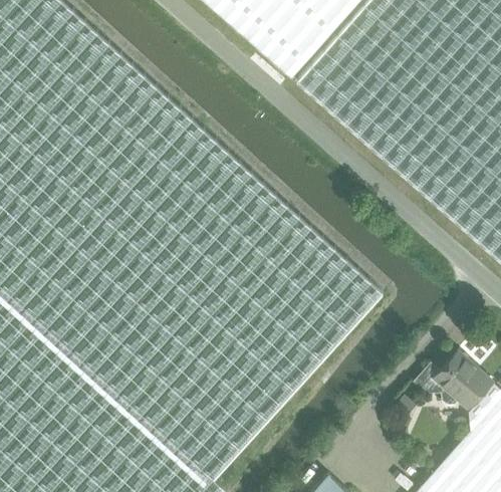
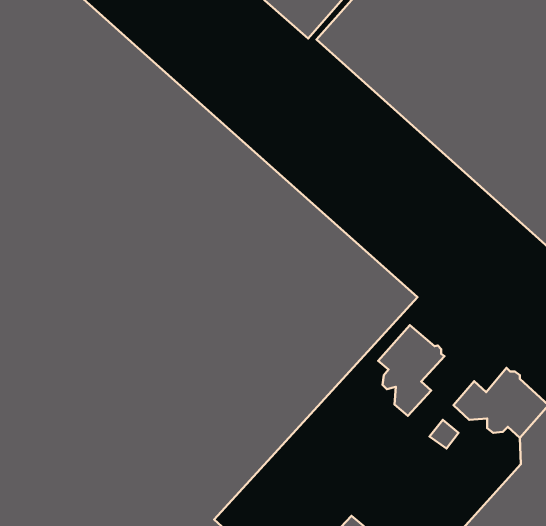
building: none -> [378,325,444,416]

